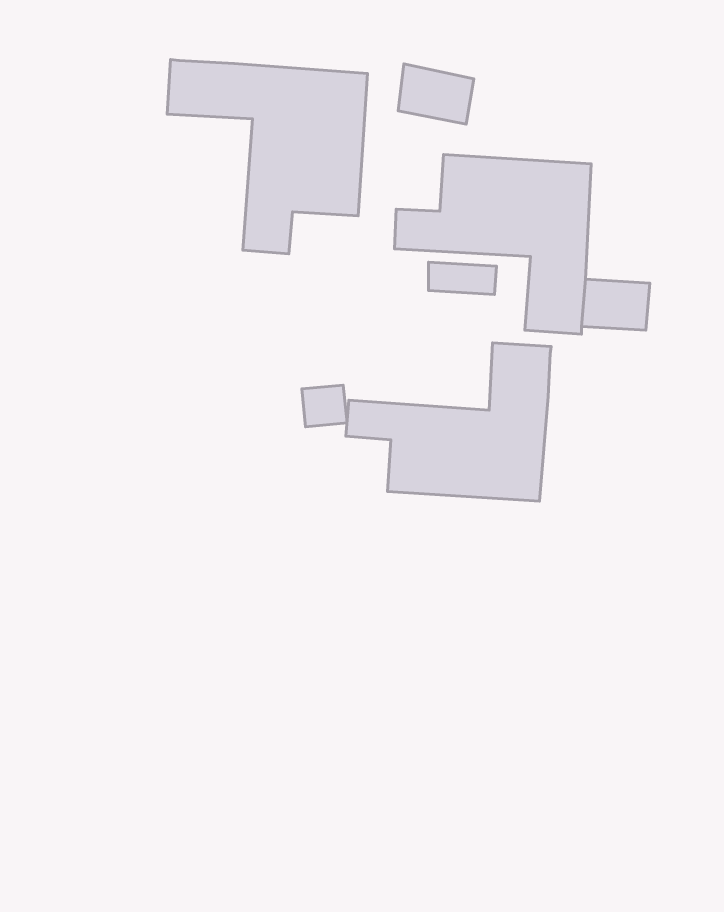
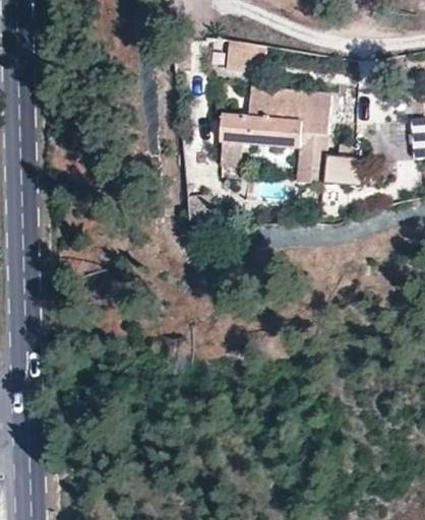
building: [167,60,367,254] -> none
building: [346,343,551,501] -> none

